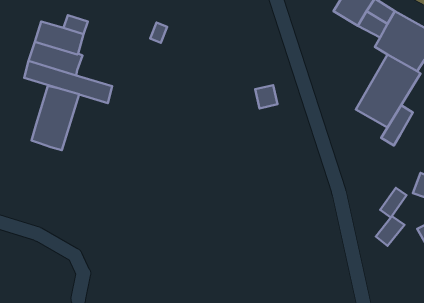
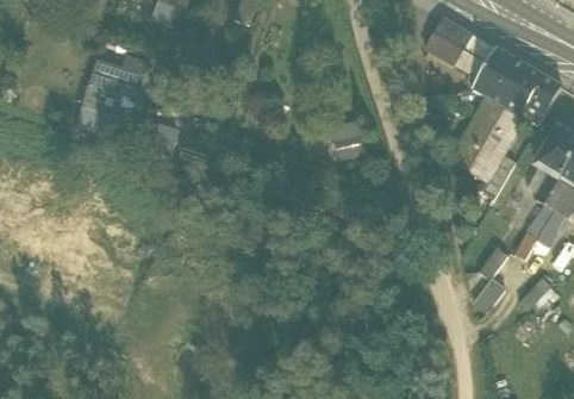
building: [31,86,79,150] -> none

